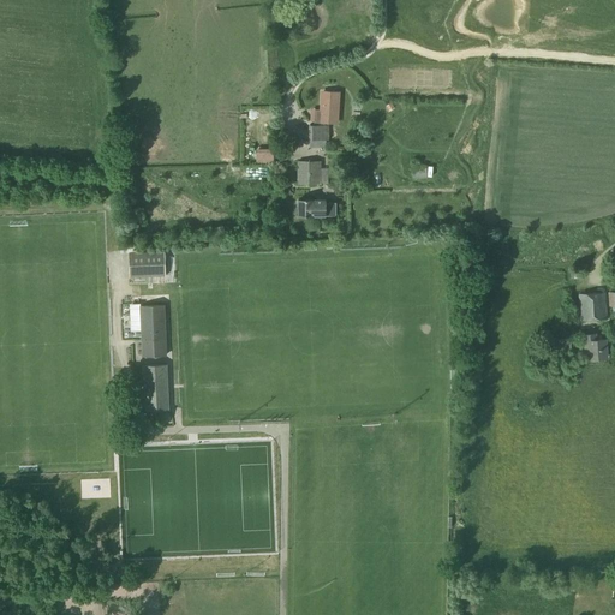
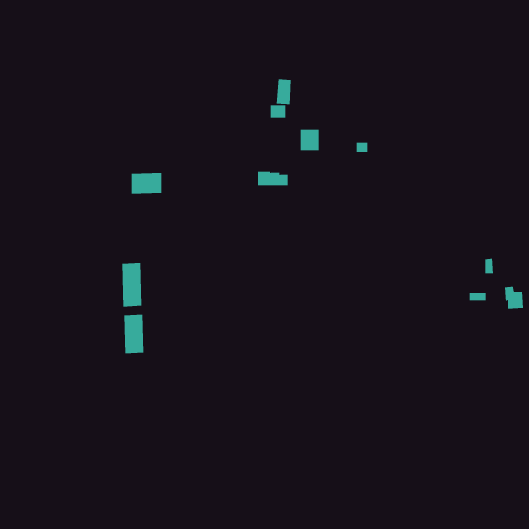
building: [298,160,321,185] -> [300,129,320,151]
building: [130,252,166,277] -> [131,173,162,194]
building: [580,292,608,321] -> none

